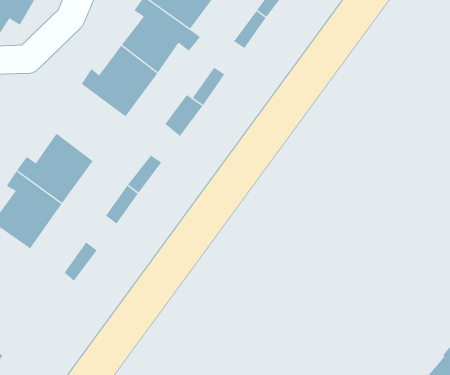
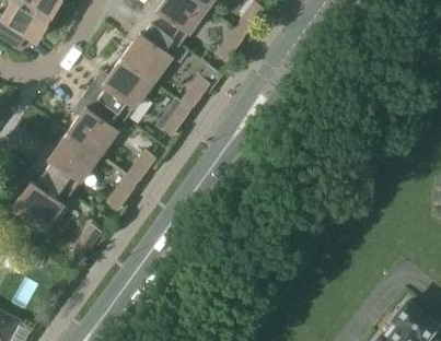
building: none -> [66,92,125,157]

